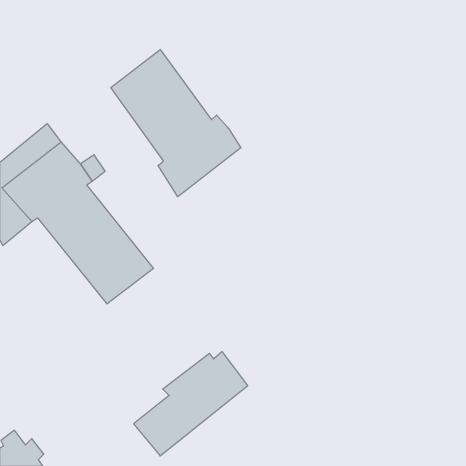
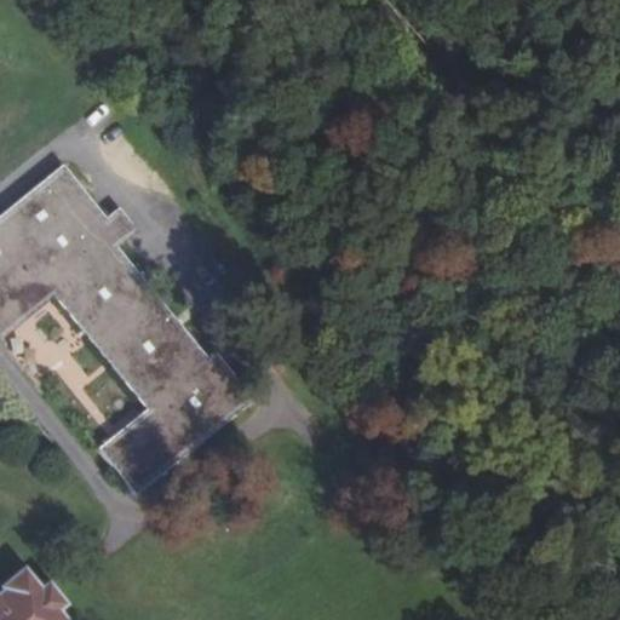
building: [111,49,241,197] -> none
building: [134,352,248,456] -> [103,352,254,490]

